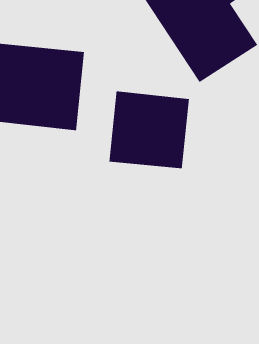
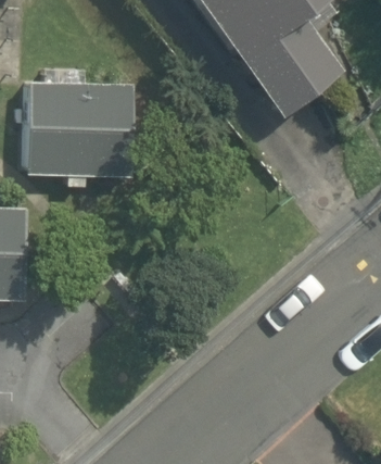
building: [109,91,190,169] -> none

